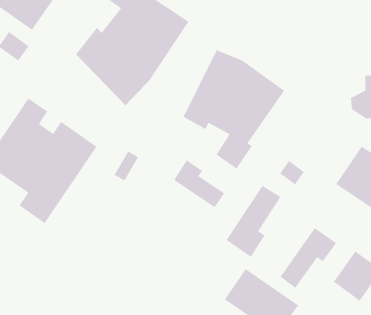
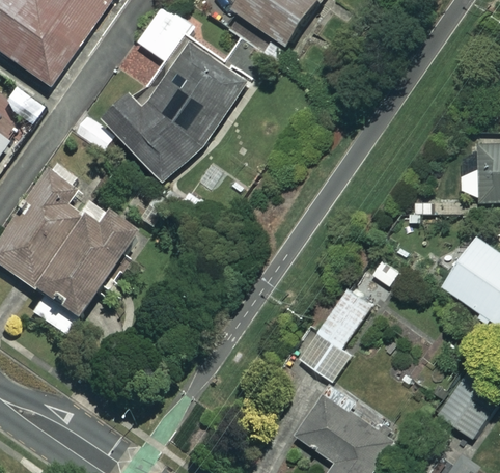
building: [183,49,285,170] -> none
building: [173,159,225,208] -> none
building: [280,227,337,289] -> none

